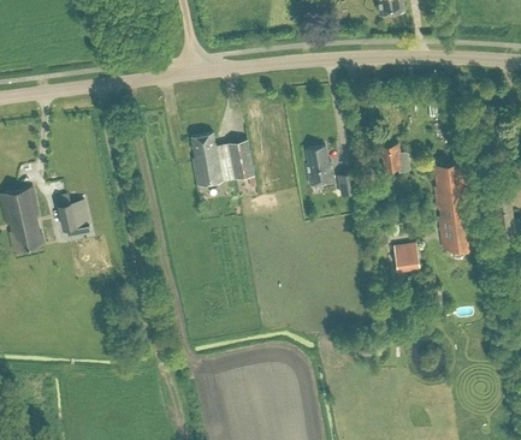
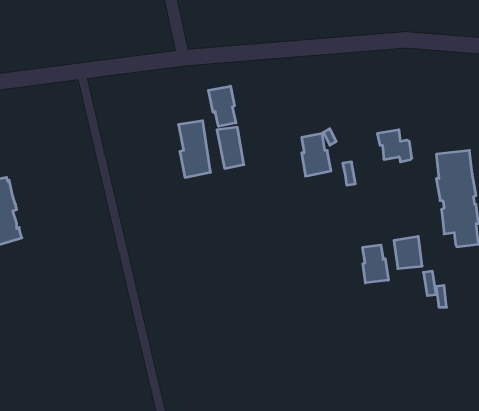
building: none -> [208,86,236,126]
building: [59,200,90,230] -> none
building: none -> [363,245,388,283]

